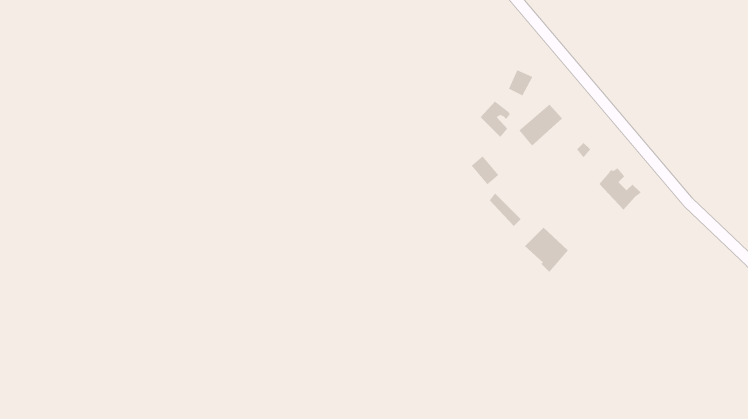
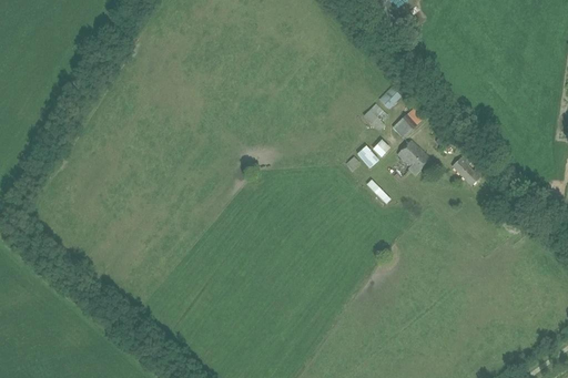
building: [524,227,569,273] -> [397,140,430,174]

